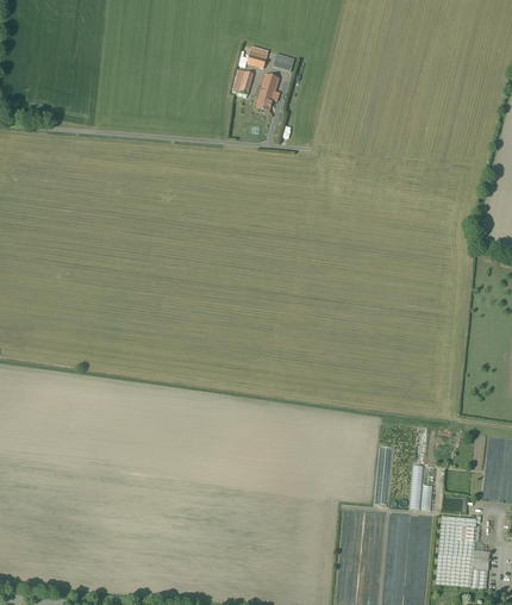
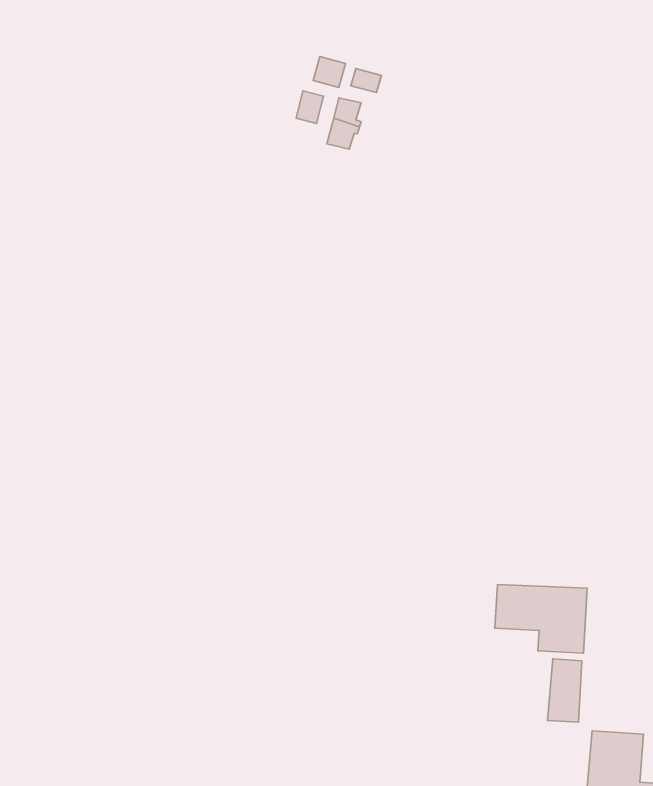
building: none -> [495,585,587,653]

